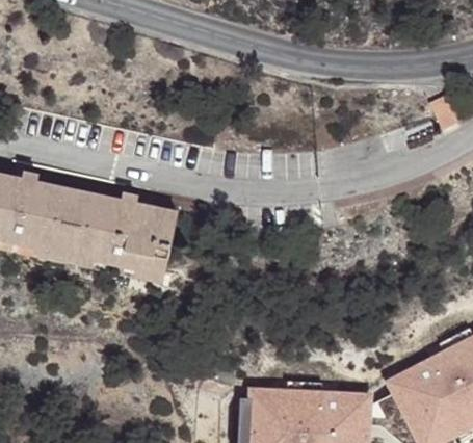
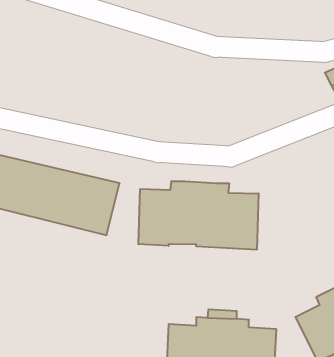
building: none -> [138,181,259,250]

